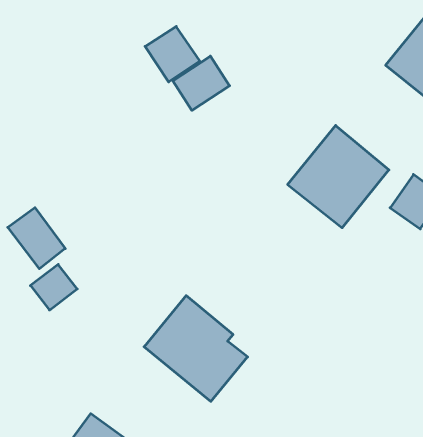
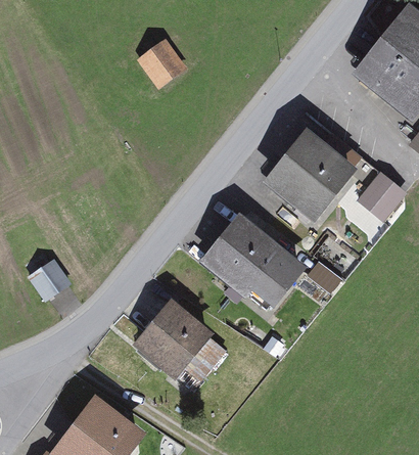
building: [173,56,230,110] -> none
building: none -> [200,202,309,299]
building: [8,208,65,269] -> none

